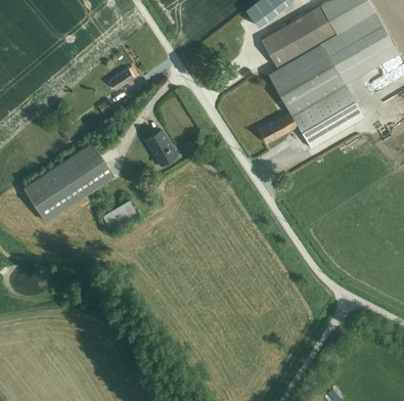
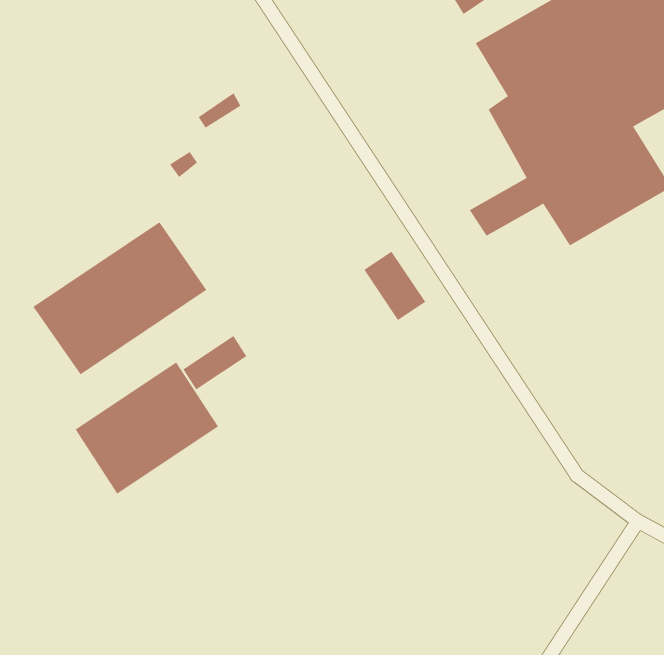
building: [142,126,176,164] -> [364,251,426,321]
building: none -> [75,361,219,495]

